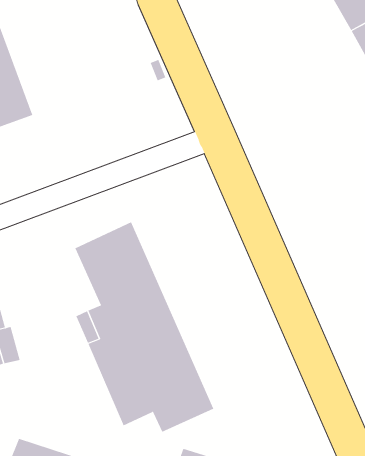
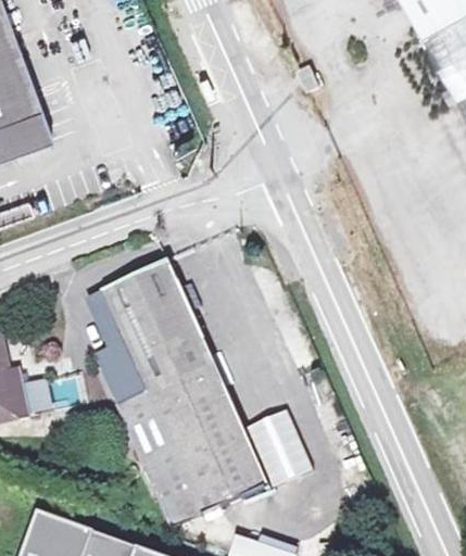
building: none -> [239,405,310,484]
building: none -> [159,489,204,529]

